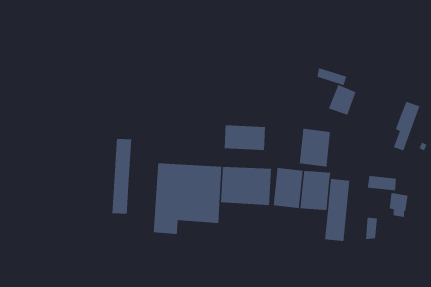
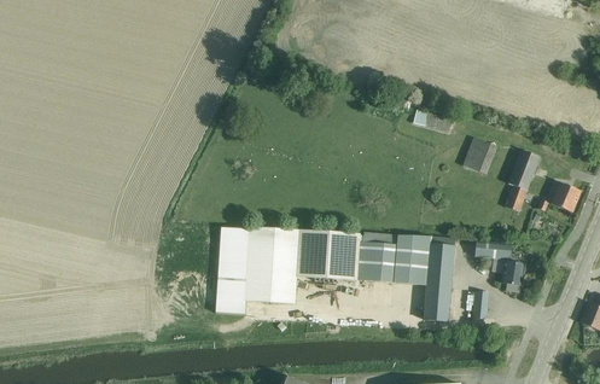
building: [328,84,357,116] -> [464,133,499,171]
building: [224,125,266,151] -> none
building: [299,128,331,168] -> none
building: [112,138,132,215] -> none

